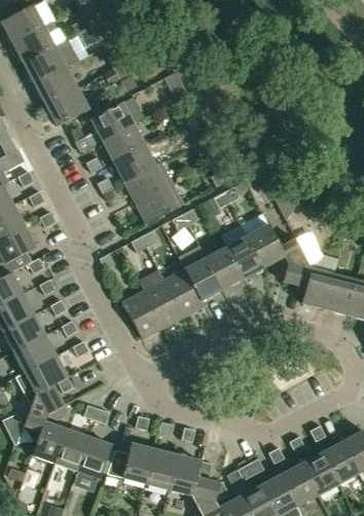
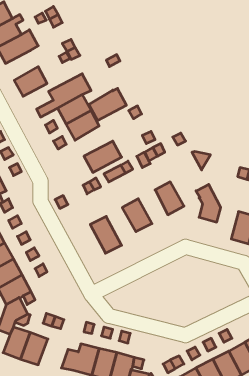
building: [35,67,77,105] -> none
building: [124,161,173,202] -> [89,88,126,121]
building: [247,224,285,266] -> none
building: [206,246,244,289] -> none
building: [165,268,206,317] -> none
building: [302,268,334,308] -> none
building: [122,290,163,338] -> none
building: [77,437,112,478] -> none

